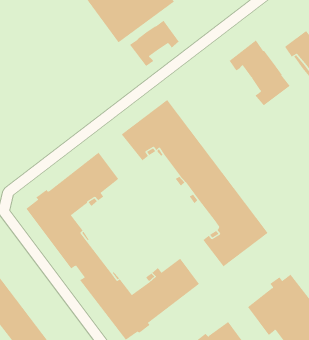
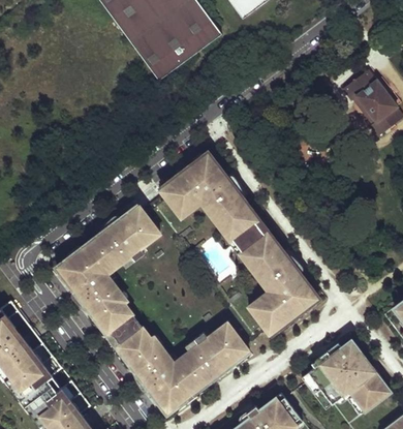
building: [129,20,180,67] -> none
building: [229,39,290,106] -> none

